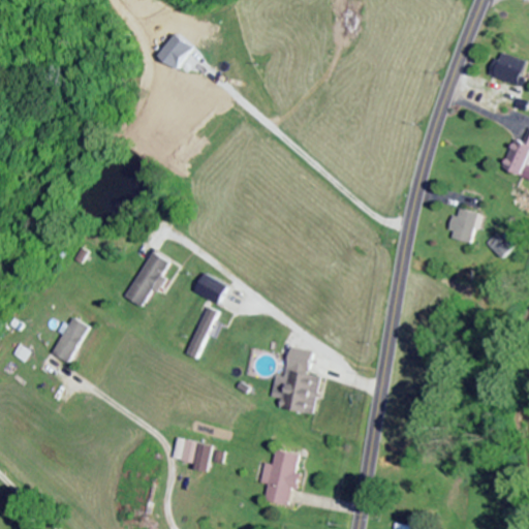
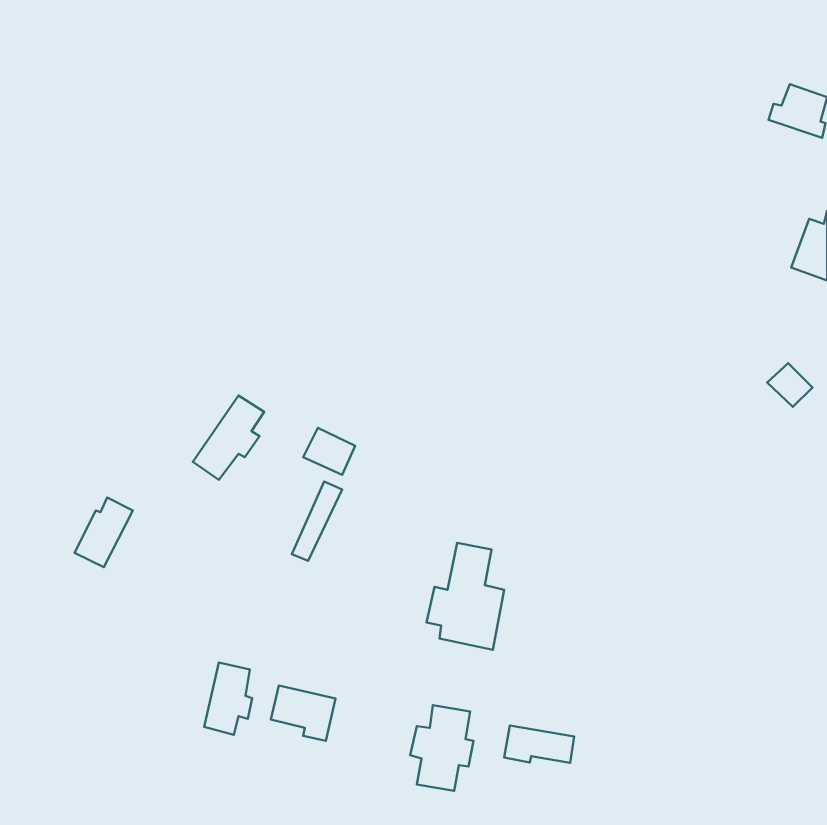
building: [156,34,192,71] -> none
building: [452,209,488,244] -> none
building: none -> [204,663,252,735]
building: none -> [504,725,574,763]

